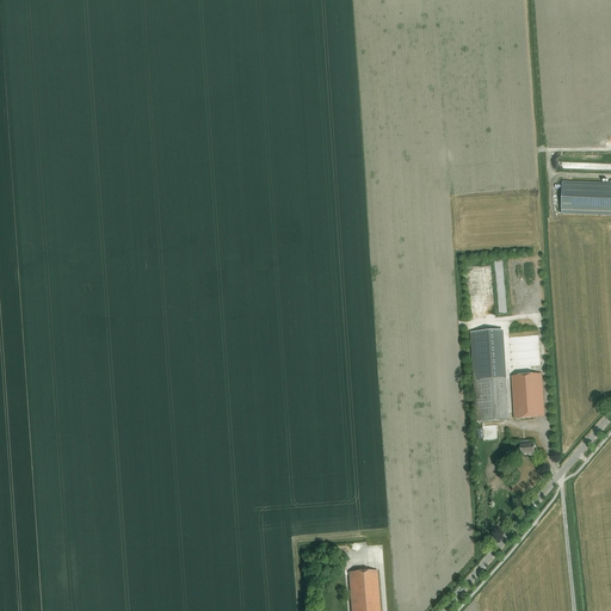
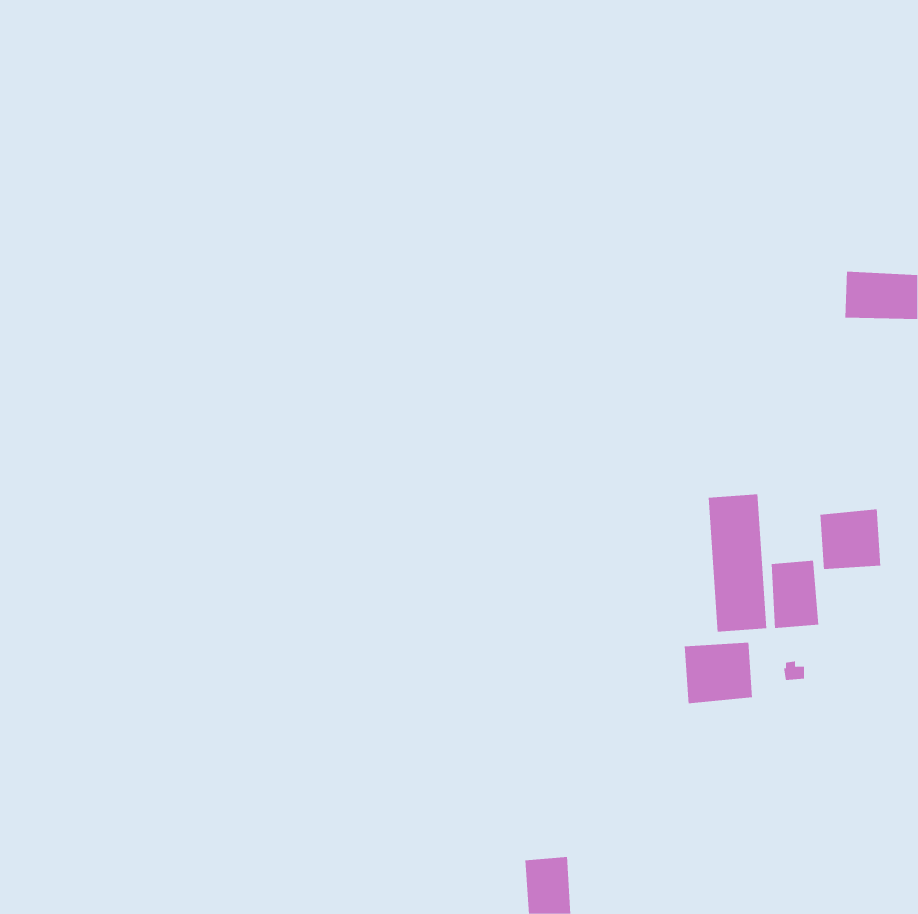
building: none -> [820,508,881,570]
building: none -> [684,642,753,704]

